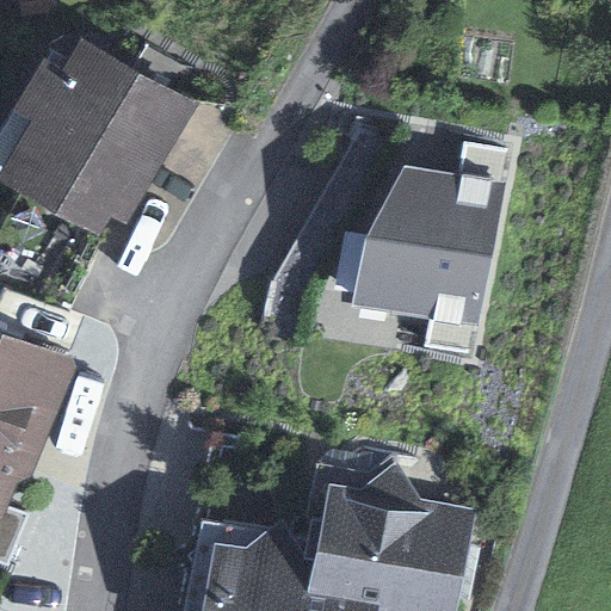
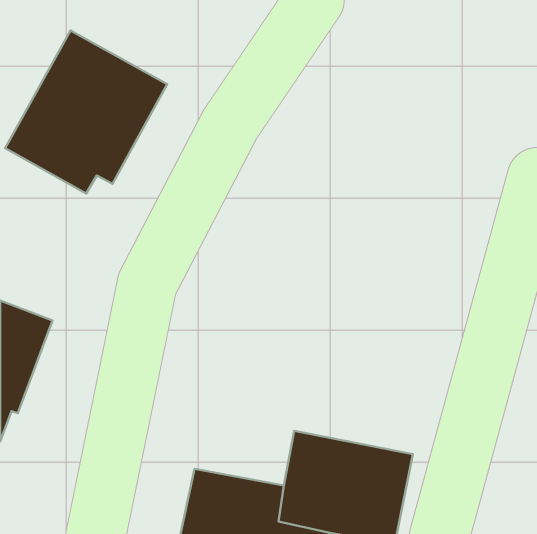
building: [358,166,500,321] -> none

